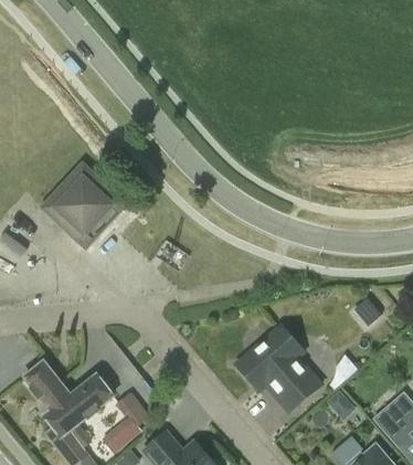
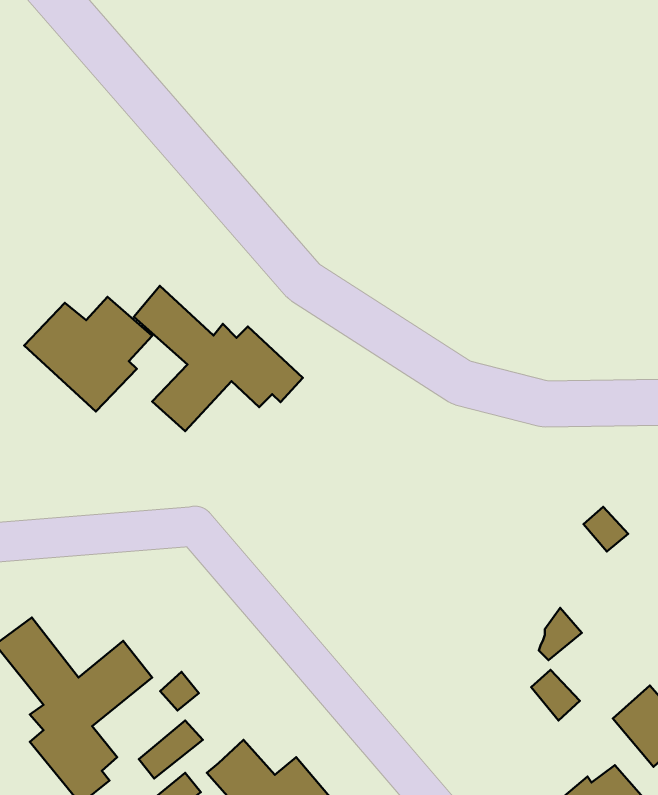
building: none -> [134,286,303,431]
building: [235,325,321,412] -> none

